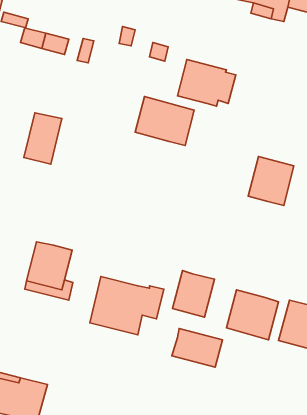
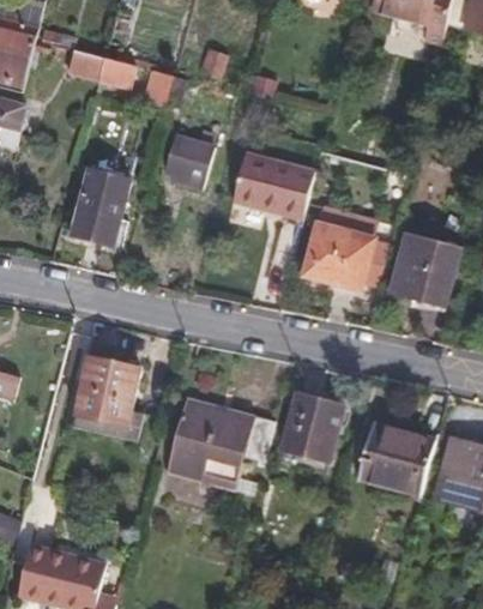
building: [178,60,236,106] -> [300,221,382,287]
building: none -> [167,135,212,183]
building: [172,328,223,367] -> none

